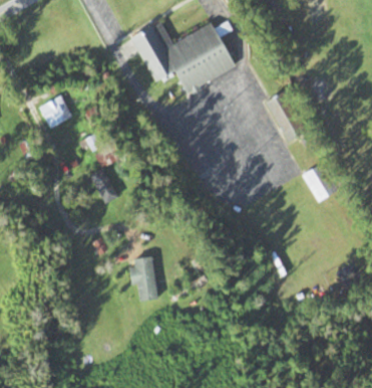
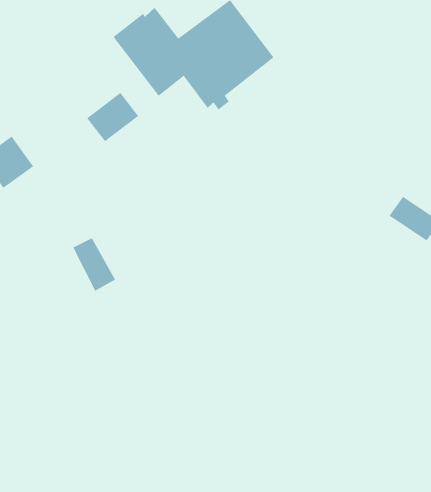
building: none -> [86,92,139,142]
building: [128,256,157,301] -> none

